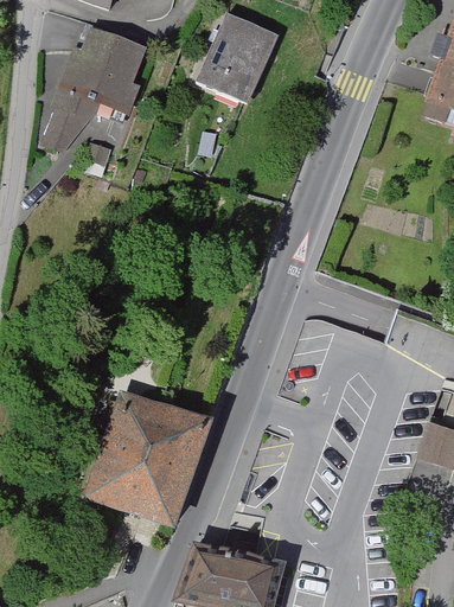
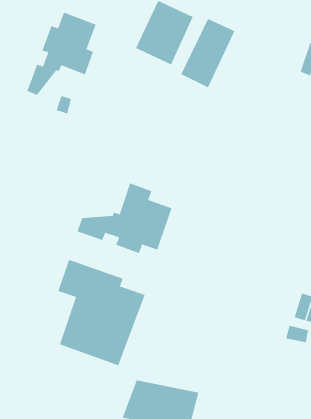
building: none -> [180,18,235,88]
building: none -> [77,183,172,254]

